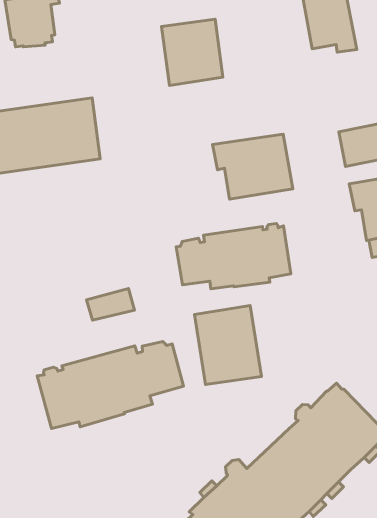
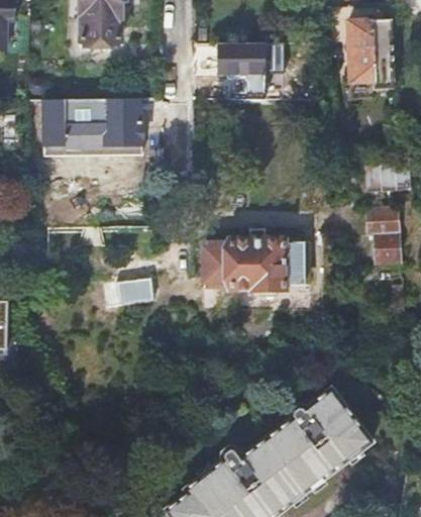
building: [212,134,293,199] -> none
building: [194,305,262,384] -> none
building: [37,342,183,429] -> none

